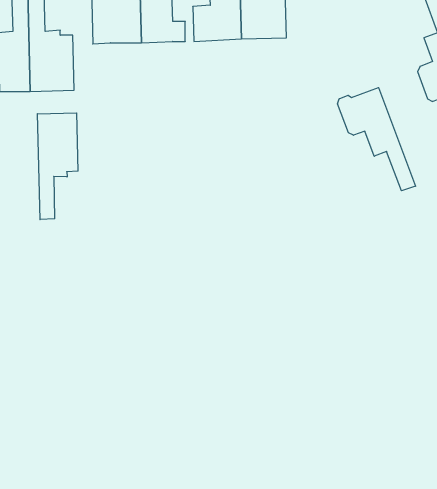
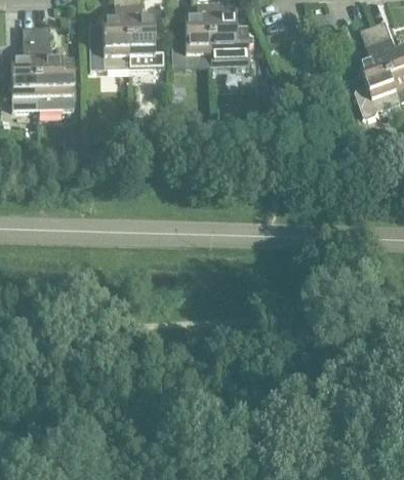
building: [338,88,416,191] -> none
building: [37,113,78,220] -> none

